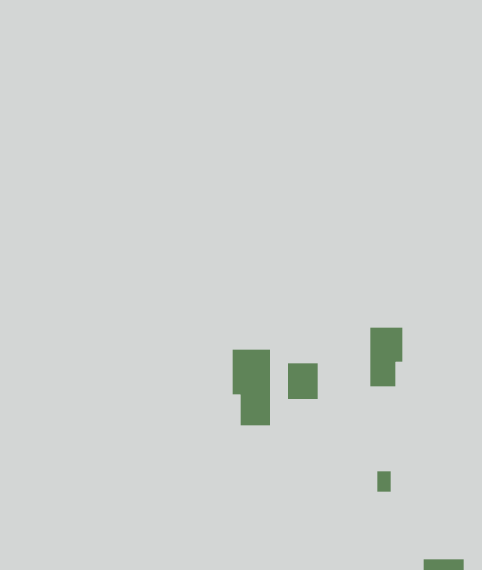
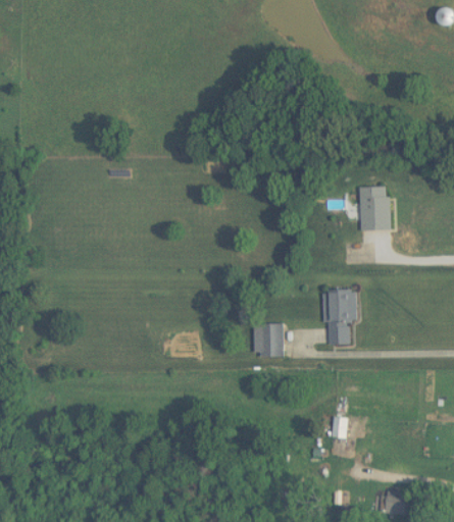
building: none -> [359,186,390,230]
building: [232,349,271,426] -> none

